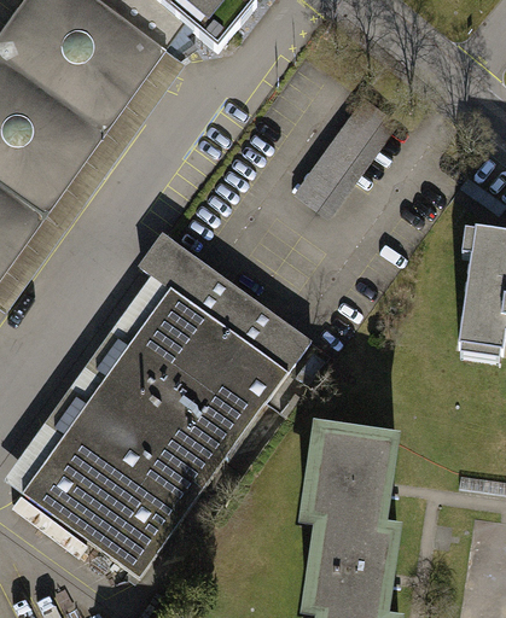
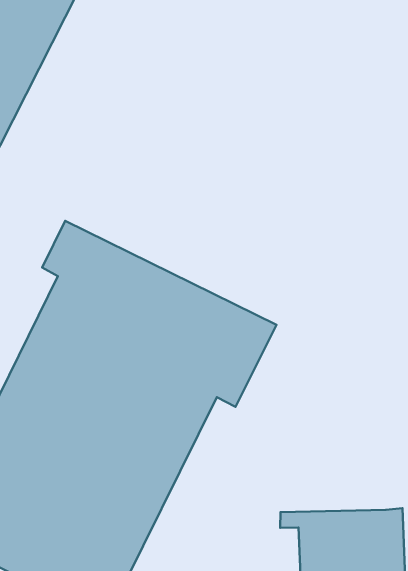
building: [291,92,399,220] -> none
building: [301,420,405,525] -> none

